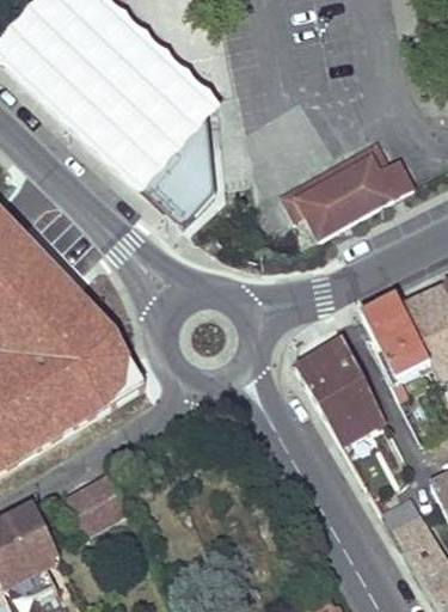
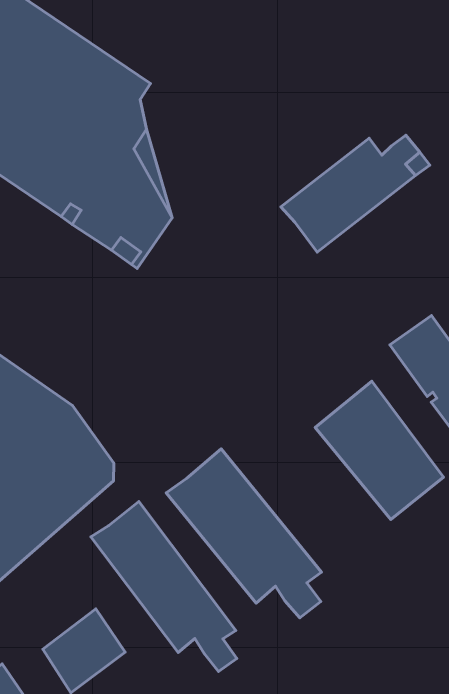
building: [283,145,386,216] -> none
building: none -> [166,449,321,618]
building: none -> [91,502,237,671]

